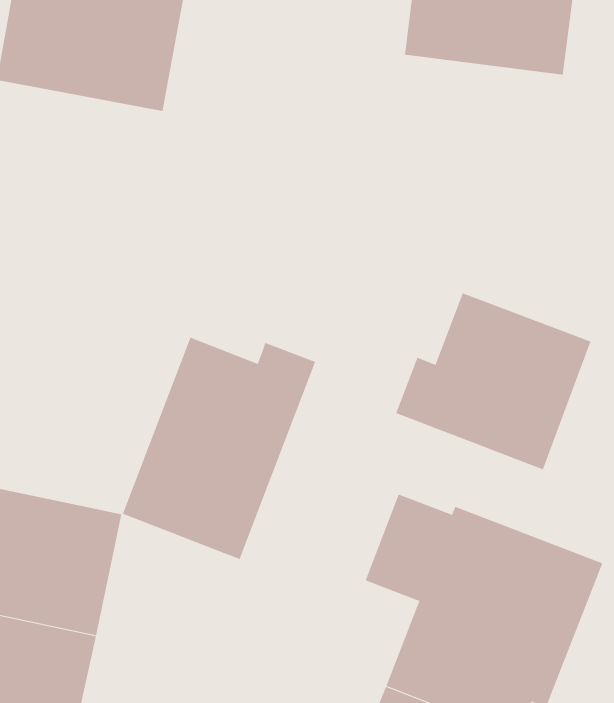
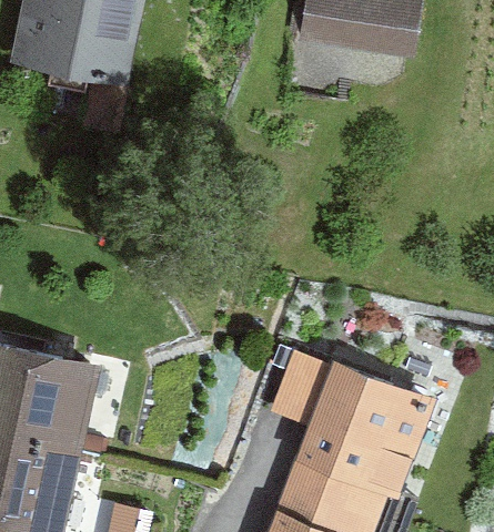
building: [395,292,591,470] -> none
building: [122,337,316,560] -> none

